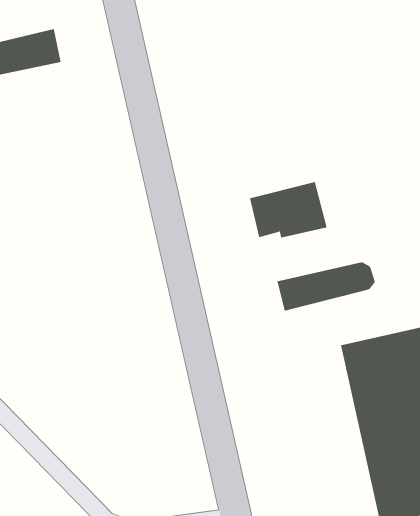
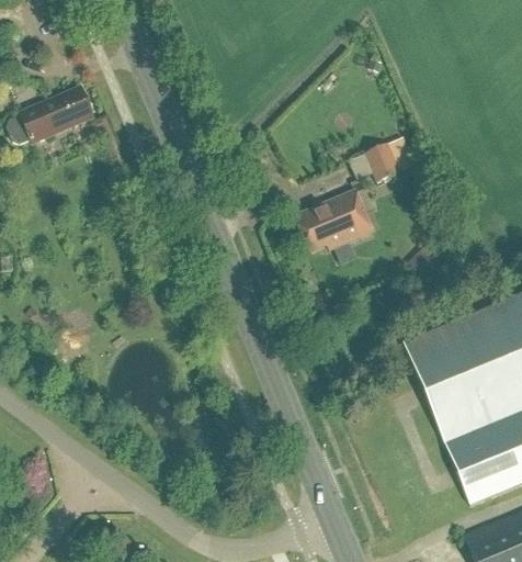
building: none -> [365,137,415,181]
building: [277,261,376,311] -> none

